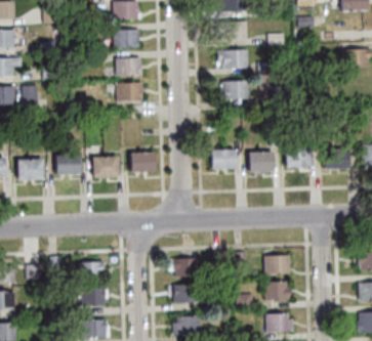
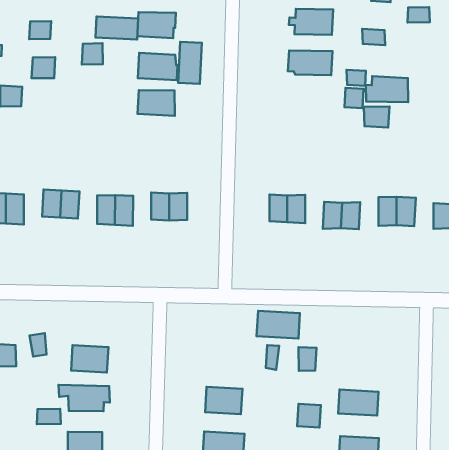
building: none -> [95,16,138,40]
building: none -> [178,42,202,84]
building: [218,82,248,99] -> [366,76,408,102]
building: [265,255,291,272] -> none
building: [172,258,201,275] -> [257,311,300,339]

